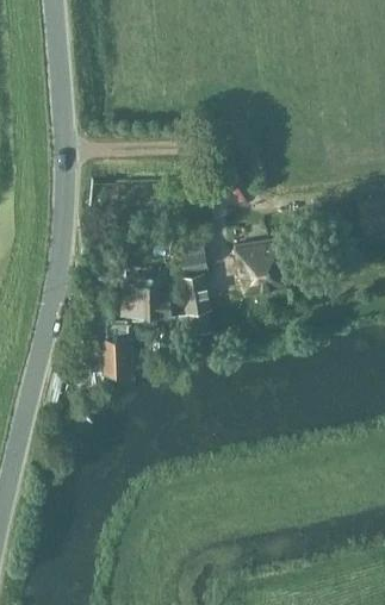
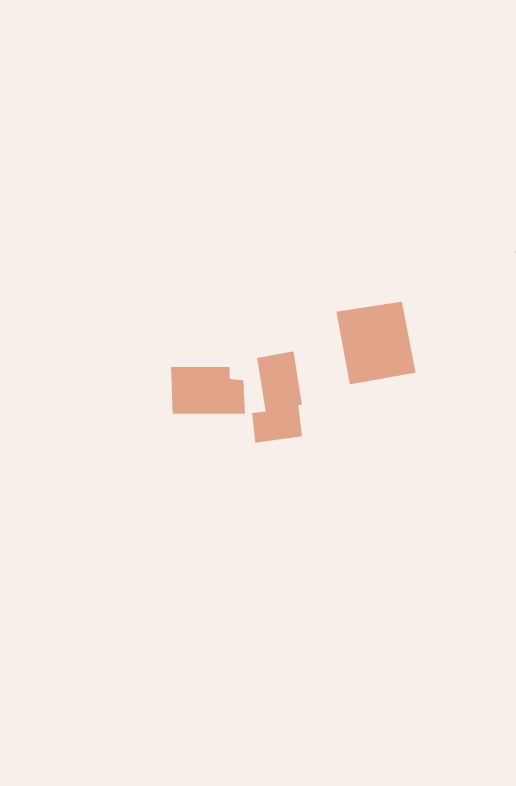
building: [176,235,207,274] -> none
building: [103,339,128,376] -> none

